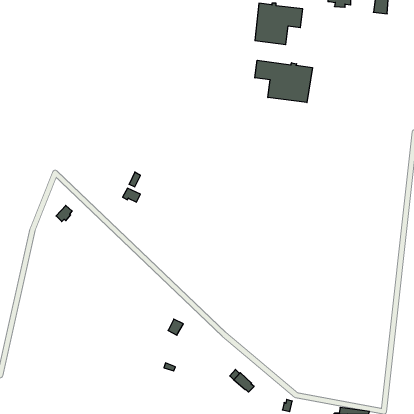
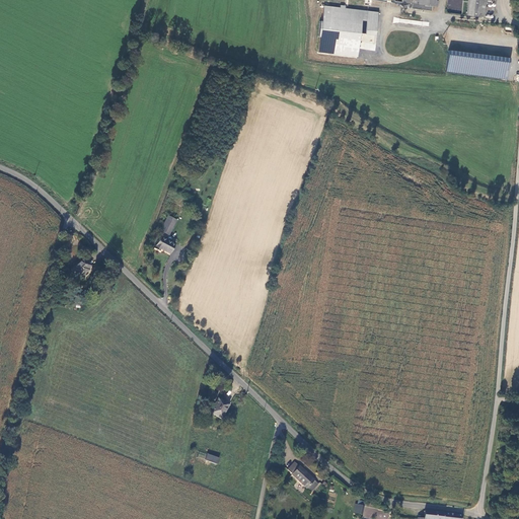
building: none -> [447,50,511,78]
building: [255,60,312,103] -> none

